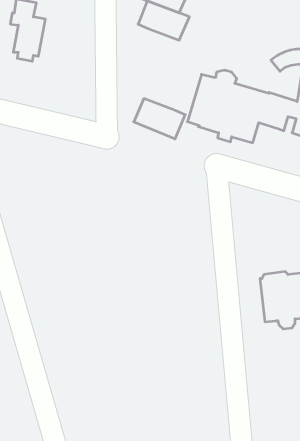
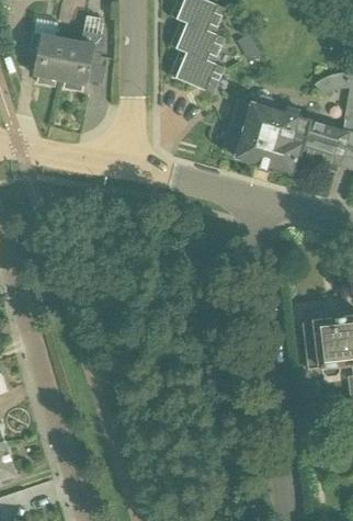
building: none -> [60,30,103,84]
building: [134,99,185,139] -> [168,48,224,92]

